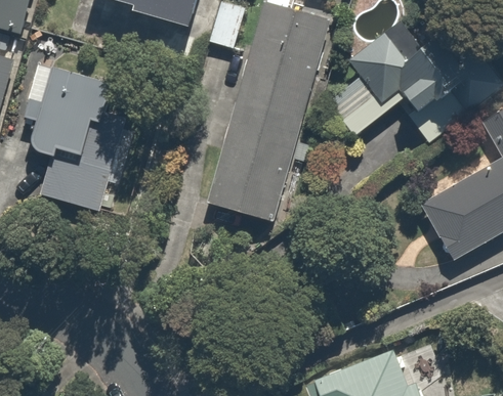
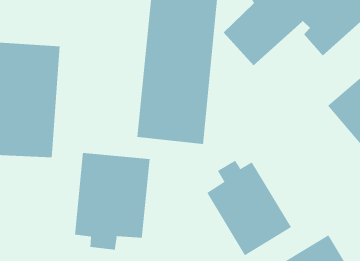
building: none -> [74,152,150,250]
building: none -> [206,160,292,256]

